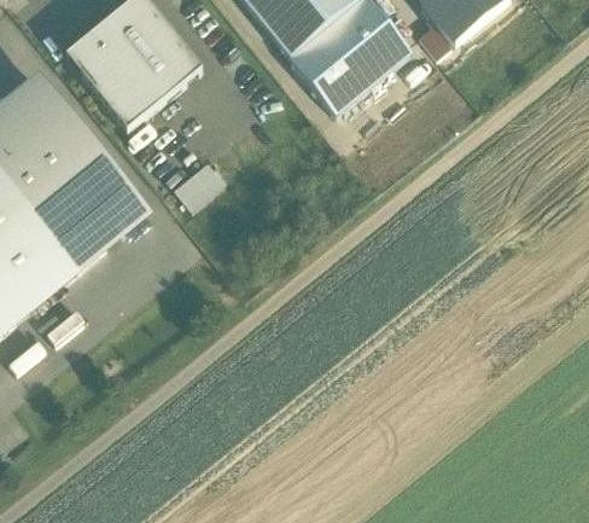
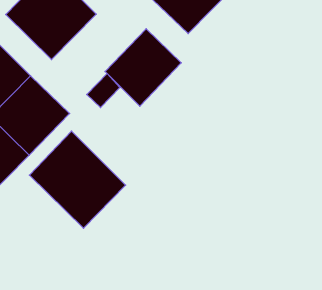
building: none -> [105,29,181,106]
building: none -> [29,131,125,228]

